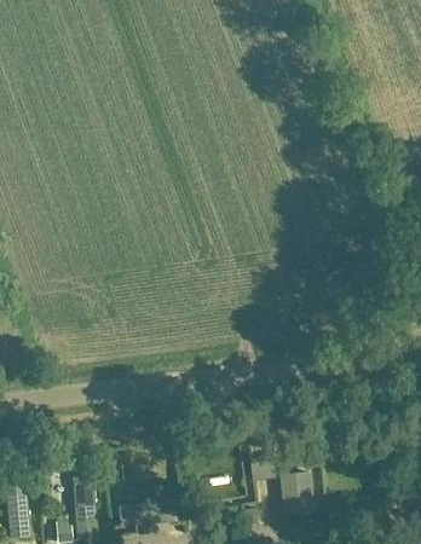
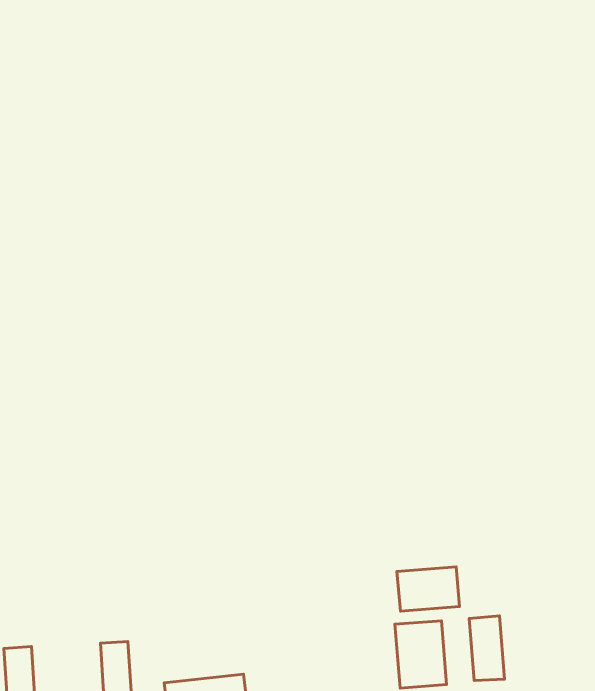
building: none -> [397,567,460,611]
building: none -> [469,616,504,680]

